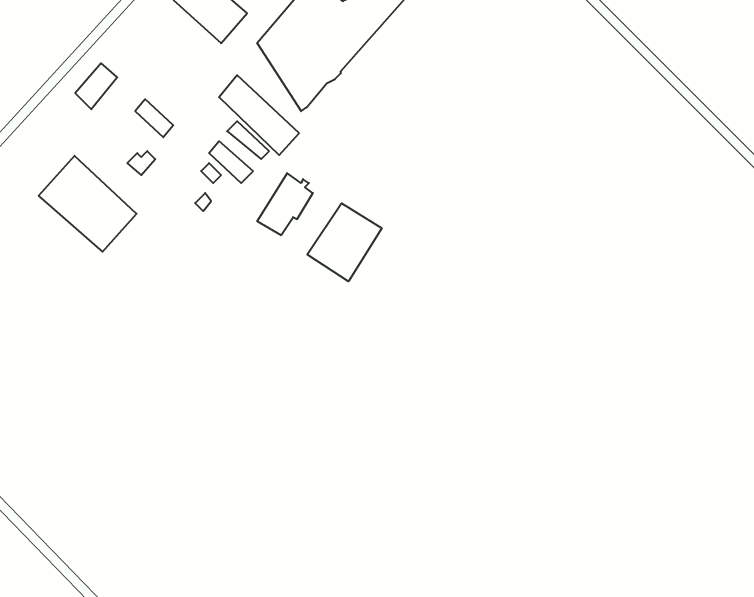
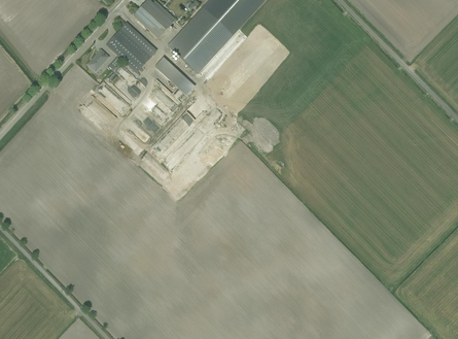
building: [39,156,137,252] -> [106,21,156,70]
building: [307,203,382,281] -> none

